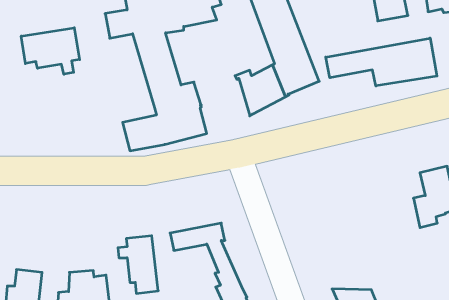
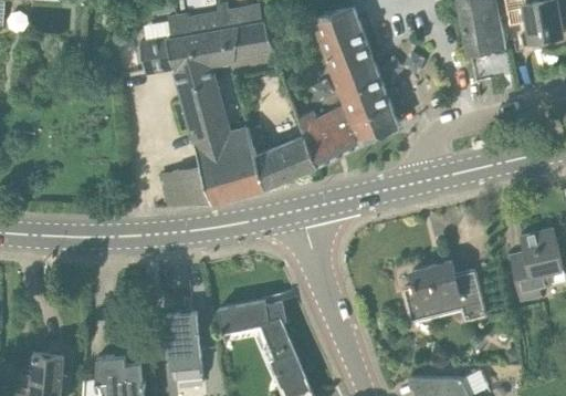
building: [21,28,80,74] -> none
building: [326,38,437,86] -> none
building: none -> [254,122,314,188]
building: none -> [402,262,484,321]

